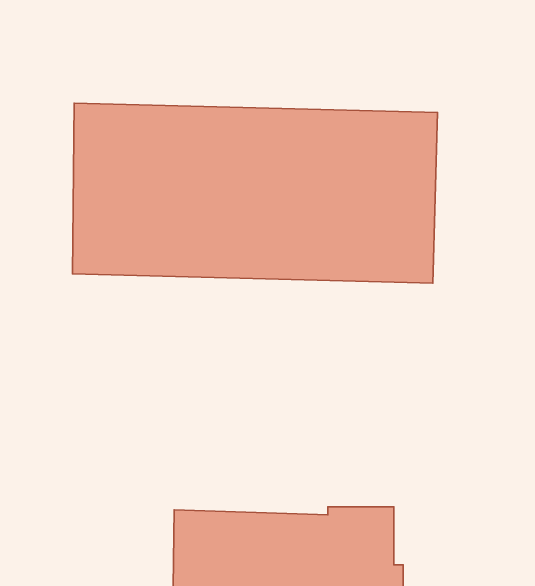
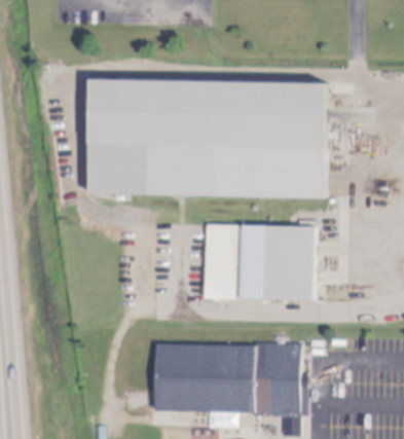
building: none -> [203,224,315,306]

